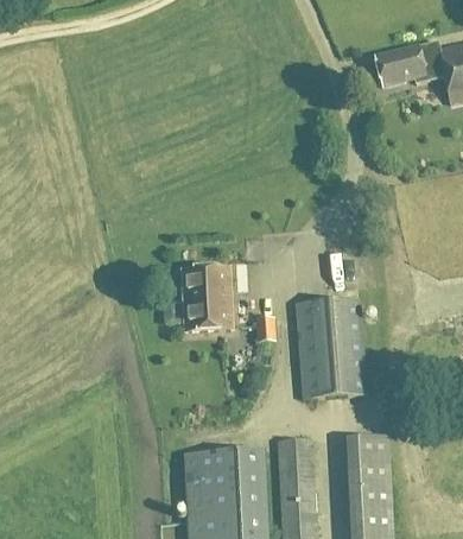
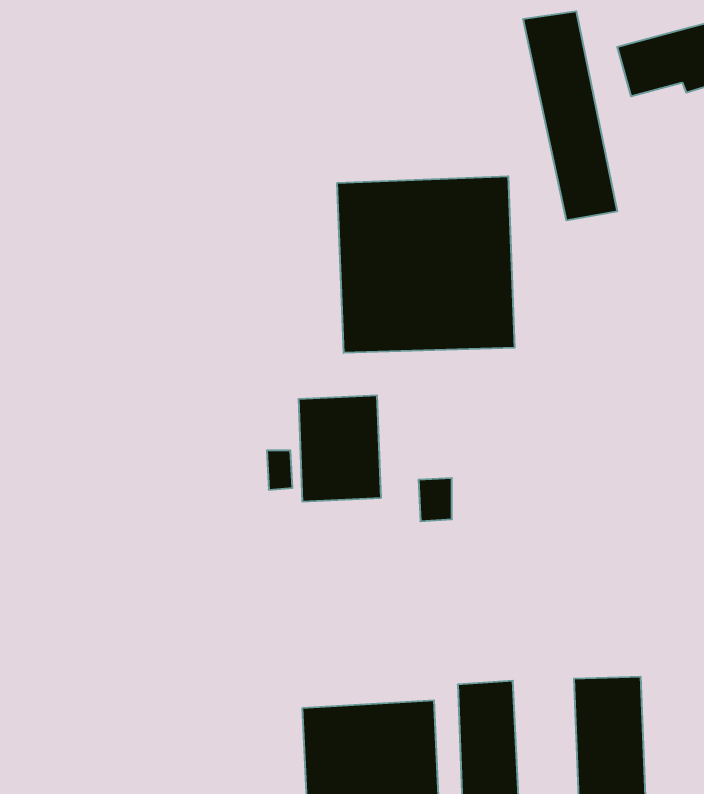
building: none -> [523,11,617,220]
building: none -> [337,176,515,353]
building: [296,297,366,397] -> none

